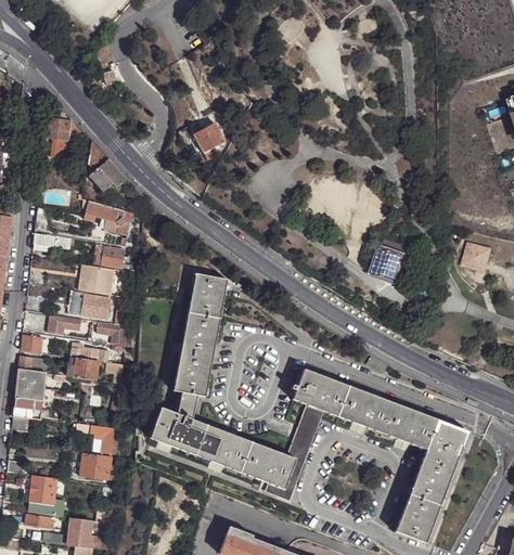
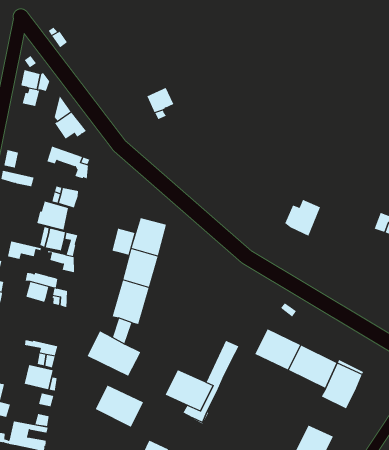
building: none -> [112,228,135,256]
building: [291,369,352,418] -> none
building: [198,427,254,474] -> [95,385,144,428]
building: [409,461,451,505] -> none

